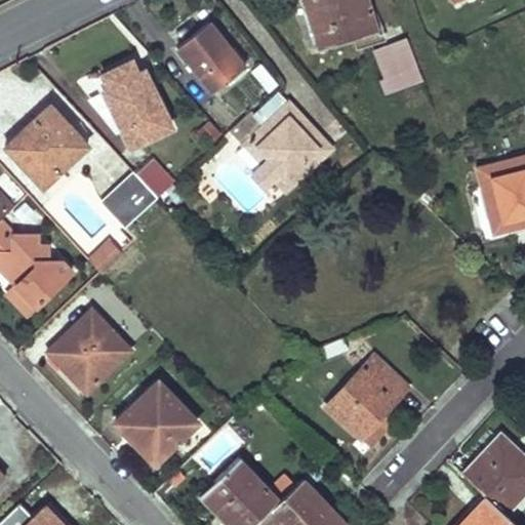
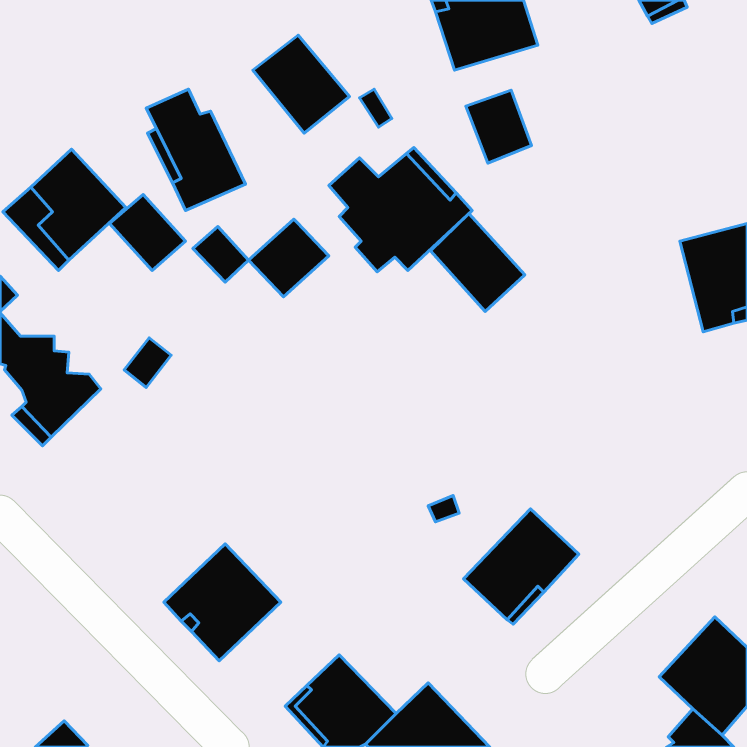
building: [375,42,421,93] -> [466,90,532,163]
building: none -> [430,214,525,312]
building: [102,172,158,227] -> [249,219,329,297]
building: [48,310,130,392] -> none

